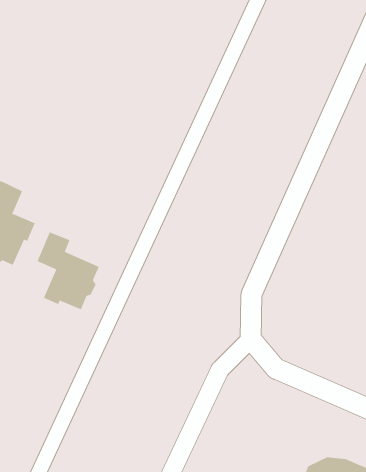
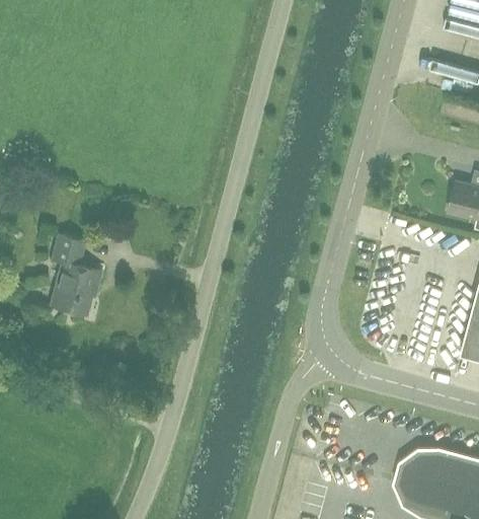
building: [37,232,100,310] -> none

